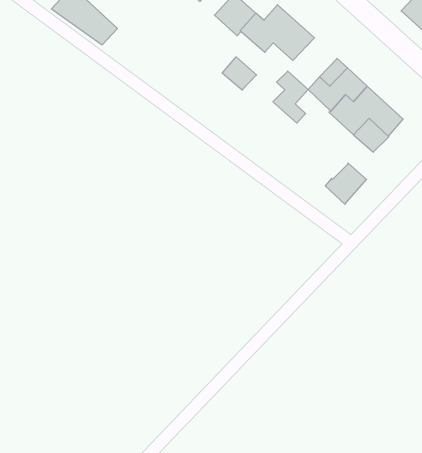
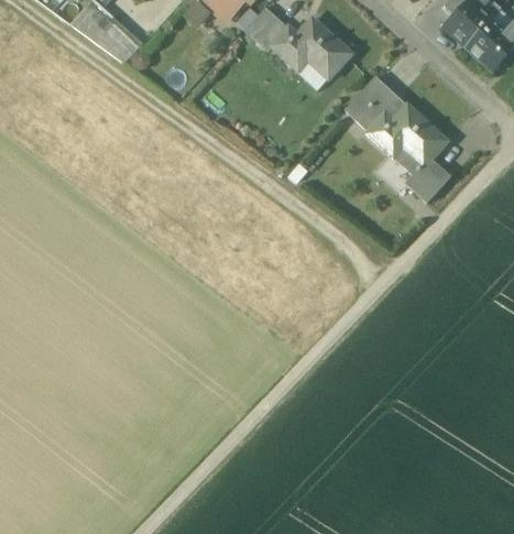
building: [222,57,257,90] -> none
building: [273,71,308,123] -> none
building: [325,163,367,204] -> [406,157,450,201]

